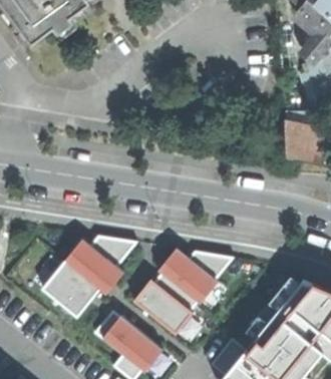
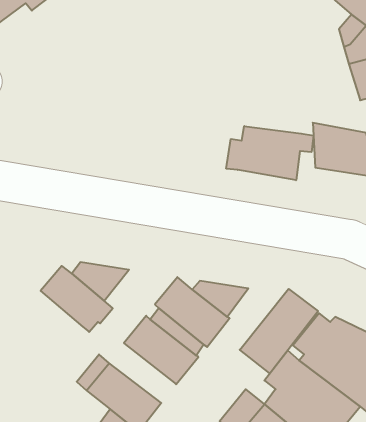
building: none -> [226,126,314,180]
building: none -> [240,289,318,373]
building: [42,259,100,316] -> none

